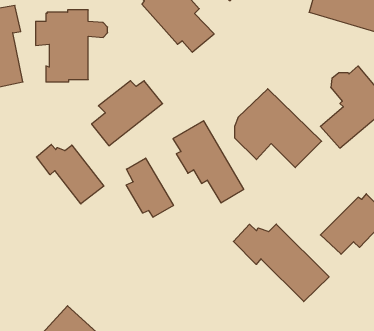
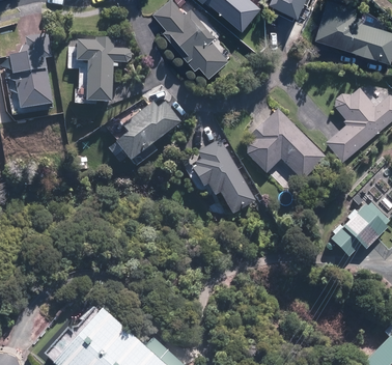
building: [36,144,104,204] -> none
building: [126,158,173,217] -> none
building: [233,224,329,302] -> none

